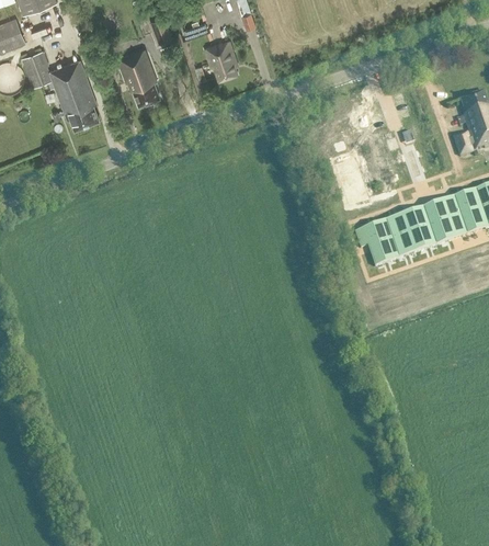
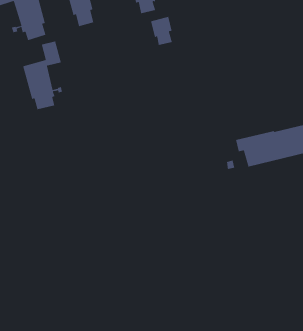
building: none -> [150,16,173,46]
building: none -> [22,40,63,110]

